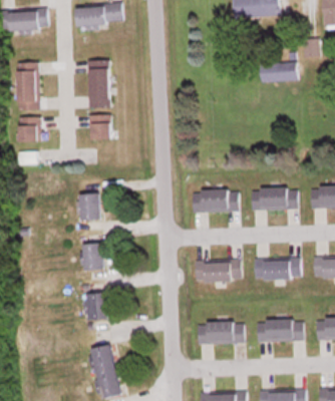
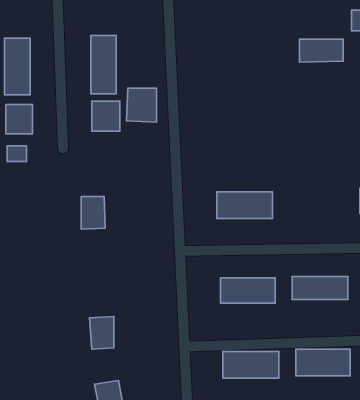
building: none -> [126,88,157,122]
building: [251,187,297,210] -> none
building: [81,242,103,272] -> none

